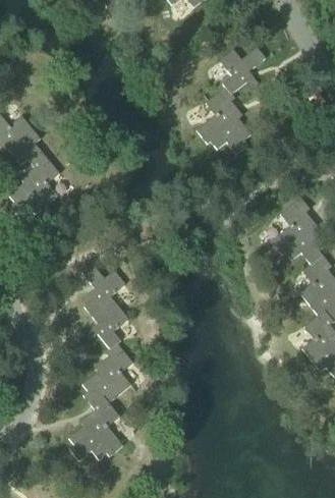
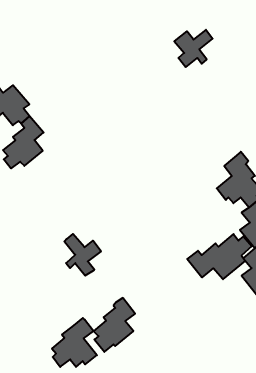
building: [196,81,250,155] -> none
building: [80,263,125,314] -> none
building: none -> [187,234,252,279]
building: [81,343,132,409] -> [94,298,135,352]

